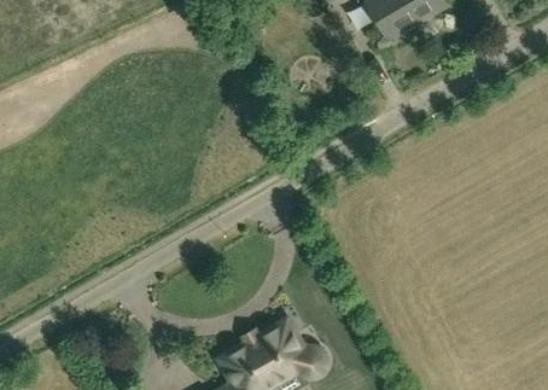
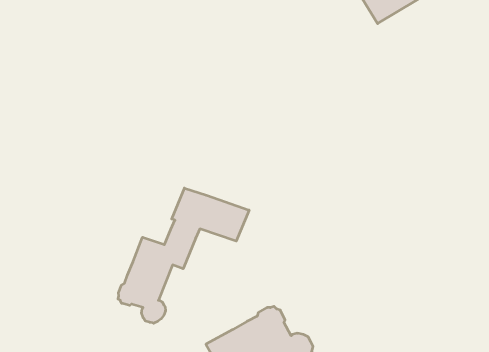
building: none -> [118,188,249,323]

